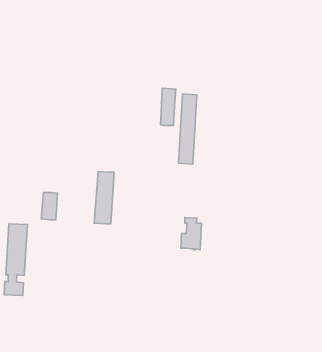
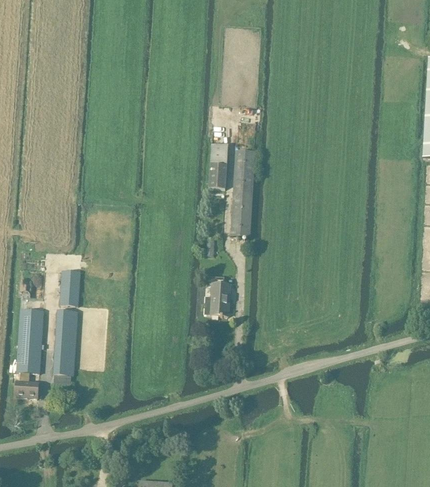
building: [94,171,114,224] -> [53,310,78,375]
building: [181,217,202,250] -> [204,275,230,315]

